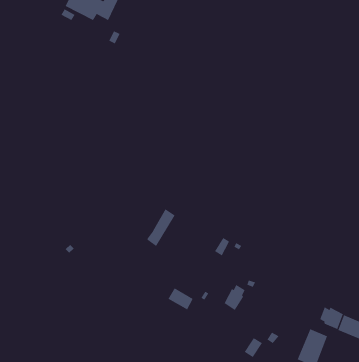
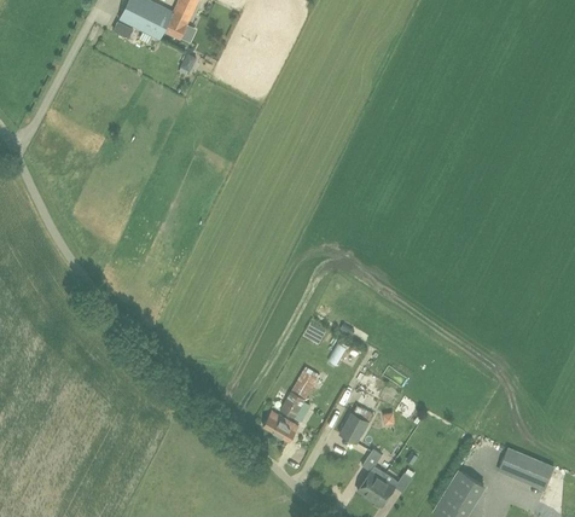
building: [147,209,176,247] -> [280,365,320,418]
building: [319,306,344,330] -> none
building: none -> [358,449,385,499]

